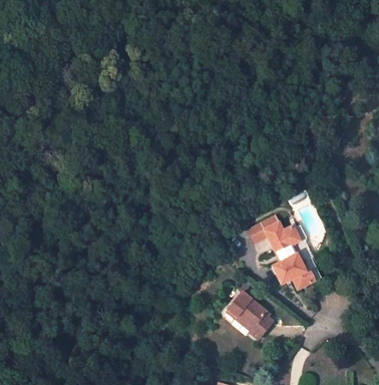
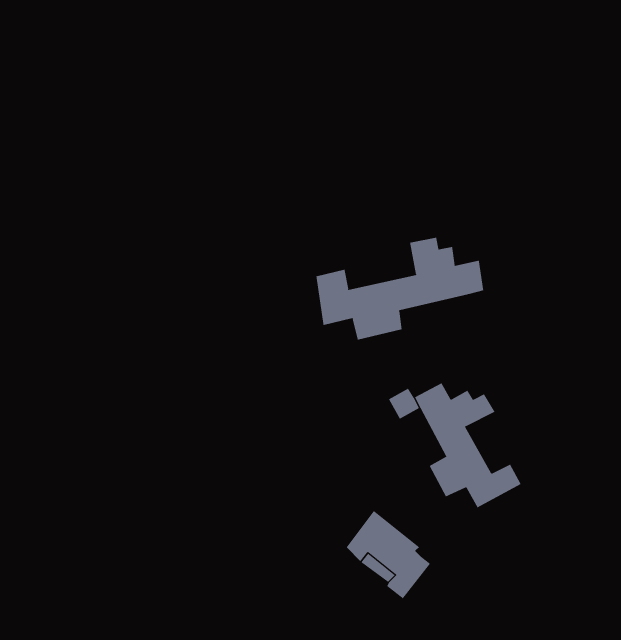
building: none -> [316,237,484,341]

